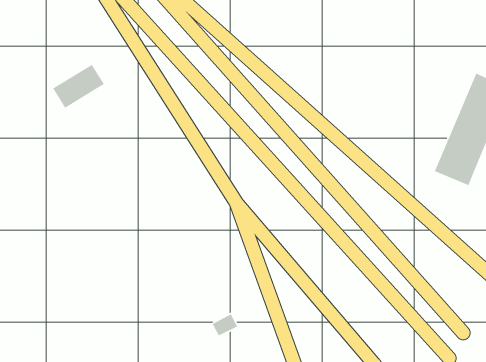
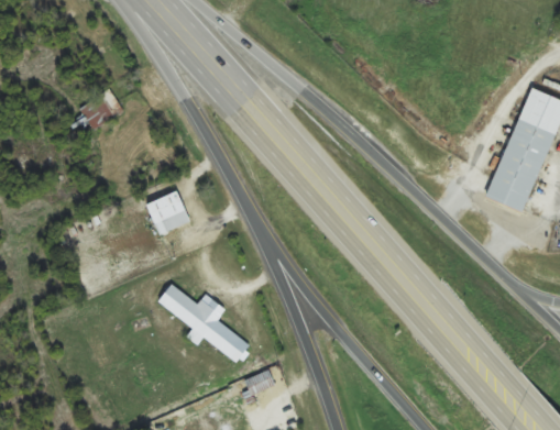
building: none -> [143,188,186,231]
building: none -> [153,280,245,359]

